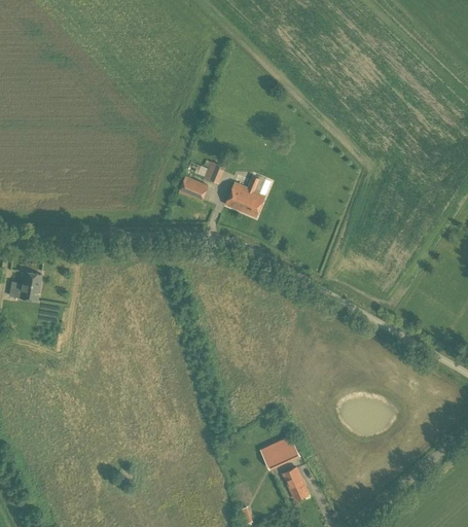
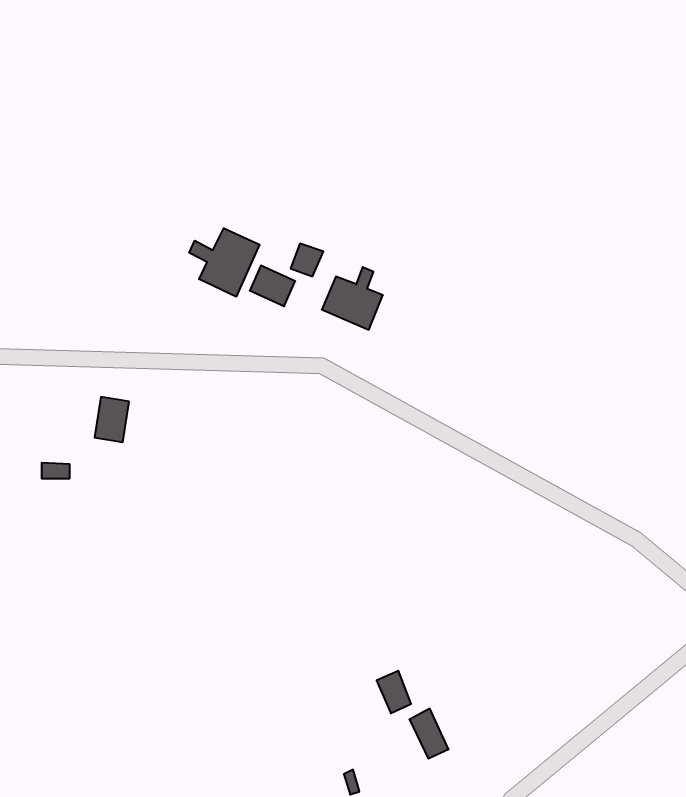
building: none -> [189,228,260,297]
building: [17,271,40,301] -> [95,397,129,442]

